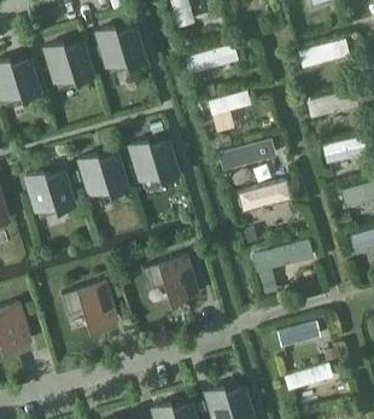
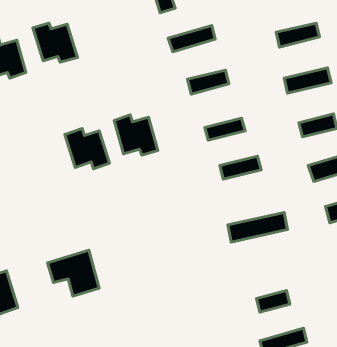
building: [98,28,145,69] -> none
building: [27,171,74,213] -> none
building: [142,256,198,304] -> none

